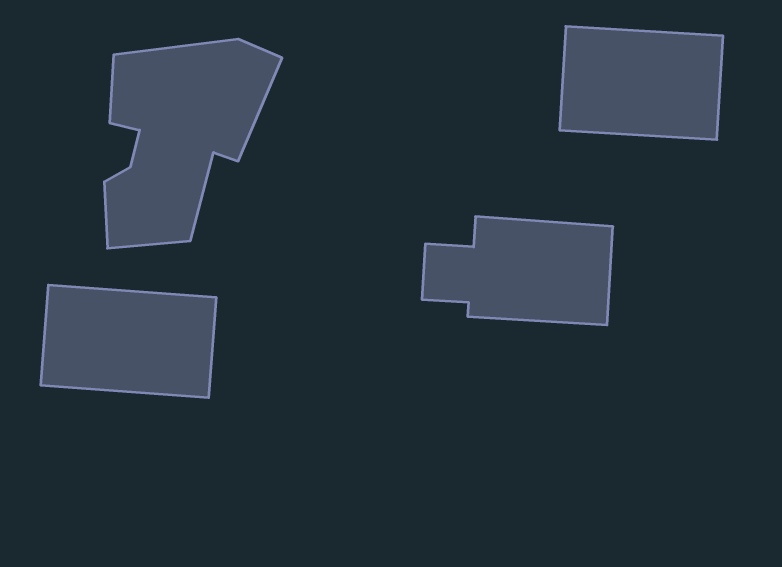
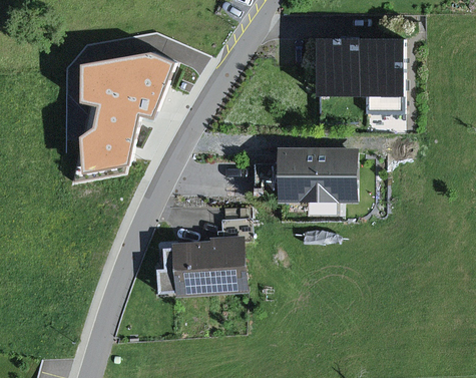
building: [41,285,216,398] -> none
building: none -> [173,217,256,295]

